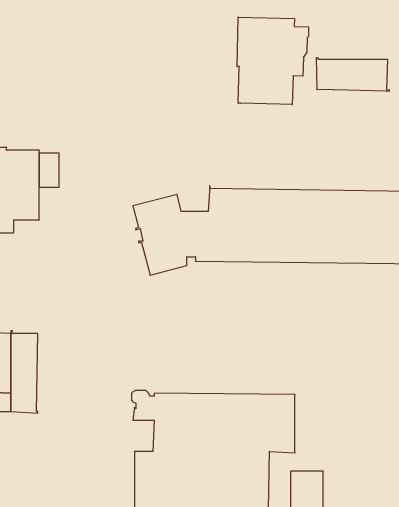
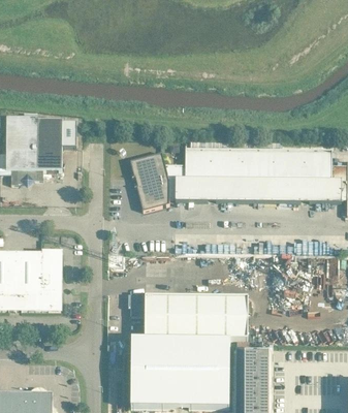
building: [237,17,309,105] -> none
building: [317,58,389,91] -> none

